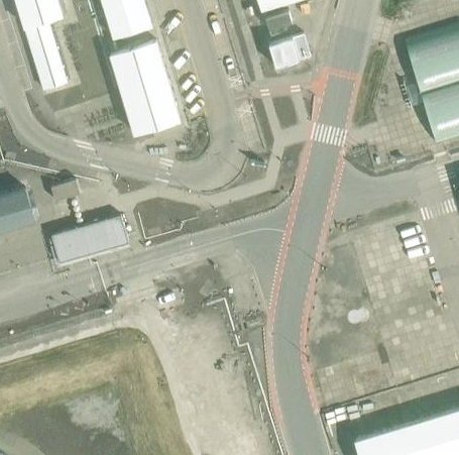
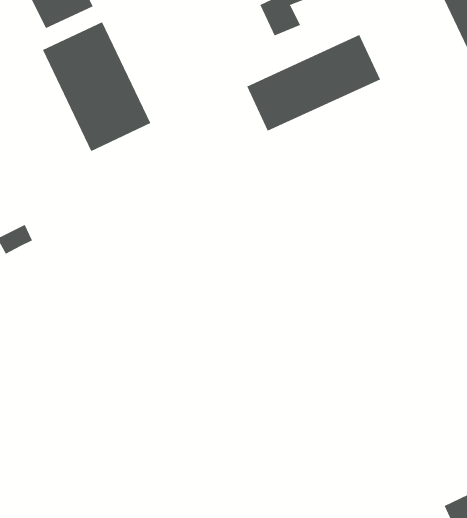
building: none -> [246,34,381,131]
building: [53,217,128,263] -> none

